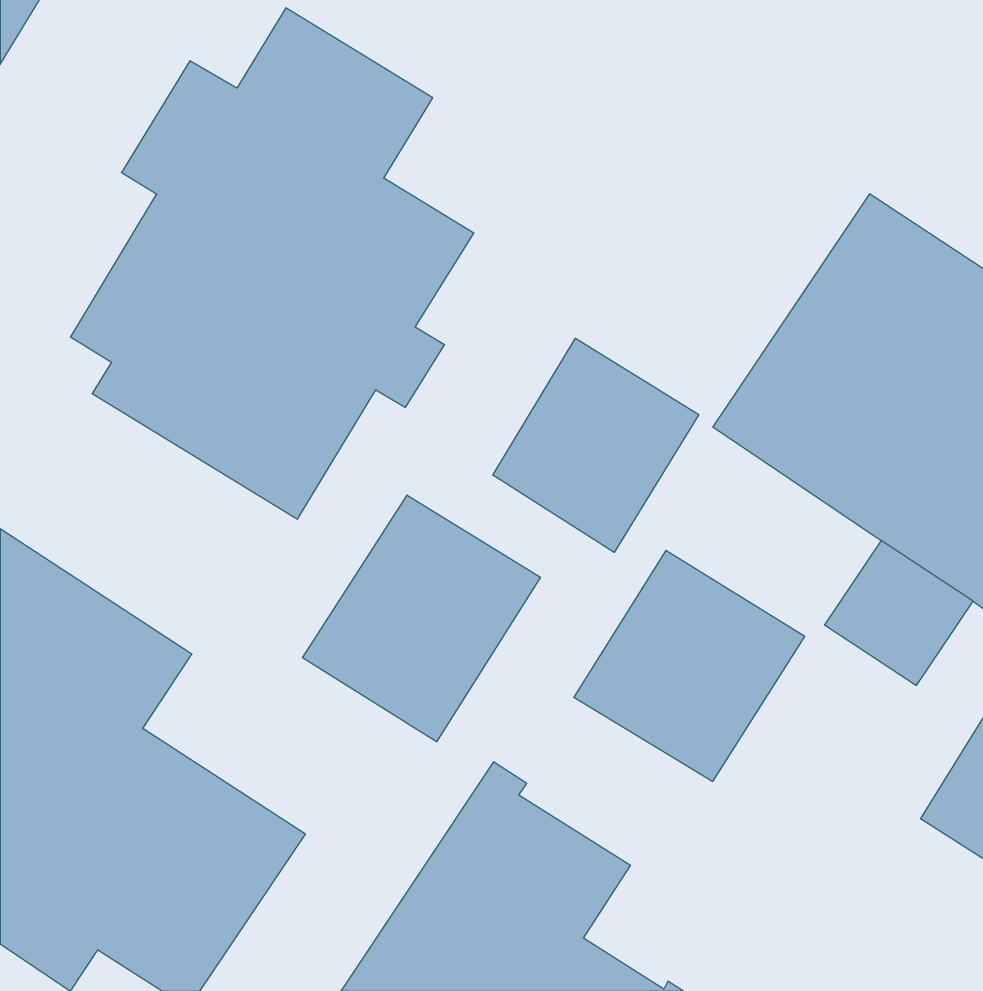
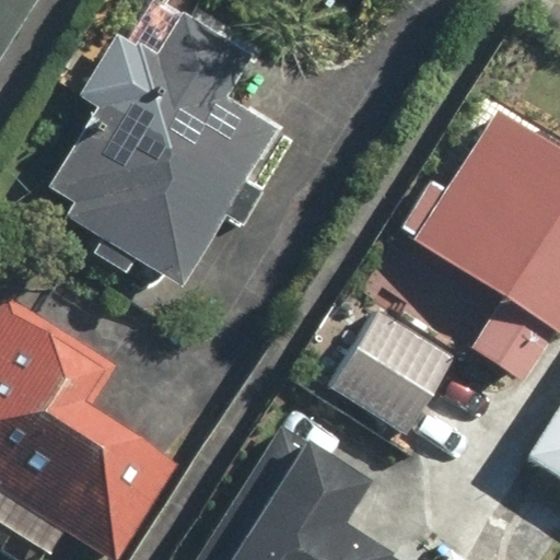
building: [493,338,699,552] -> none
building: [303,495,540,742] -> none

